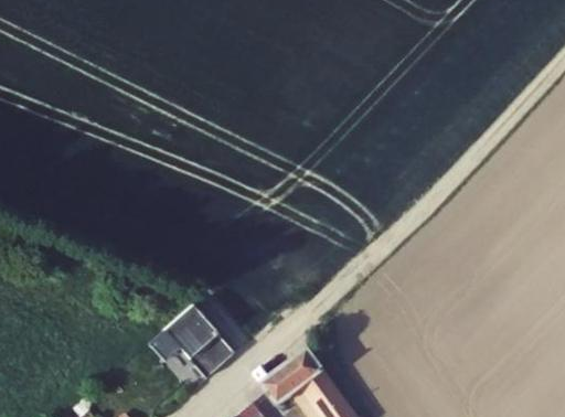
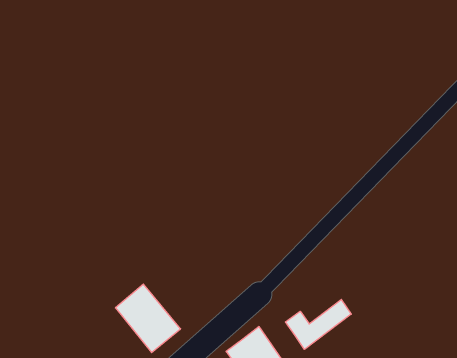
building: none -> [285,299,351,349]

